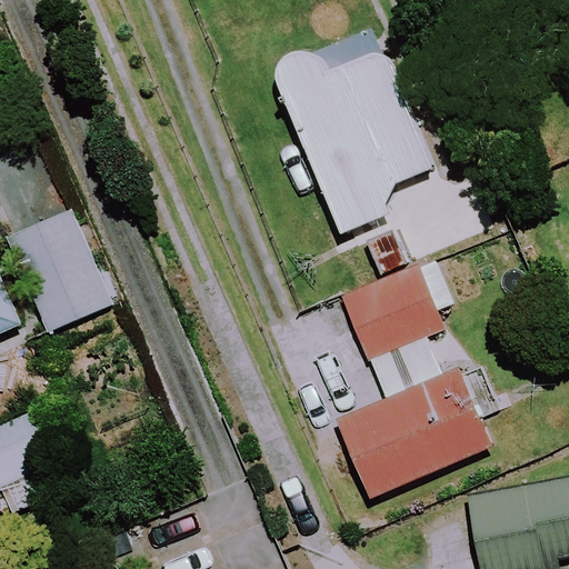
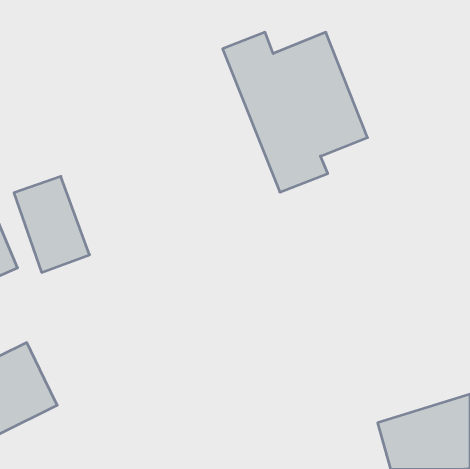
building: [339,268,439,360] -> none
building: [333,370,486,498] -> none

